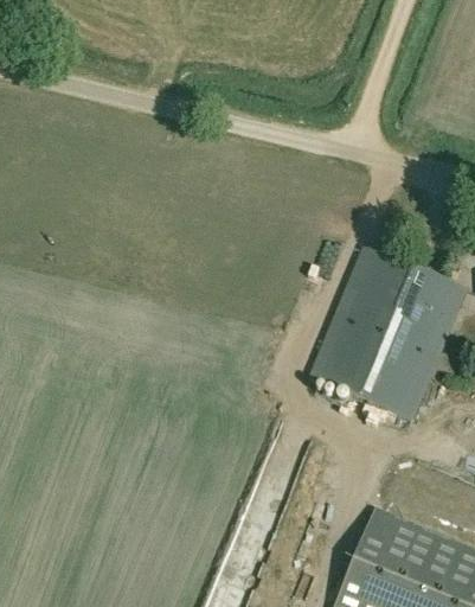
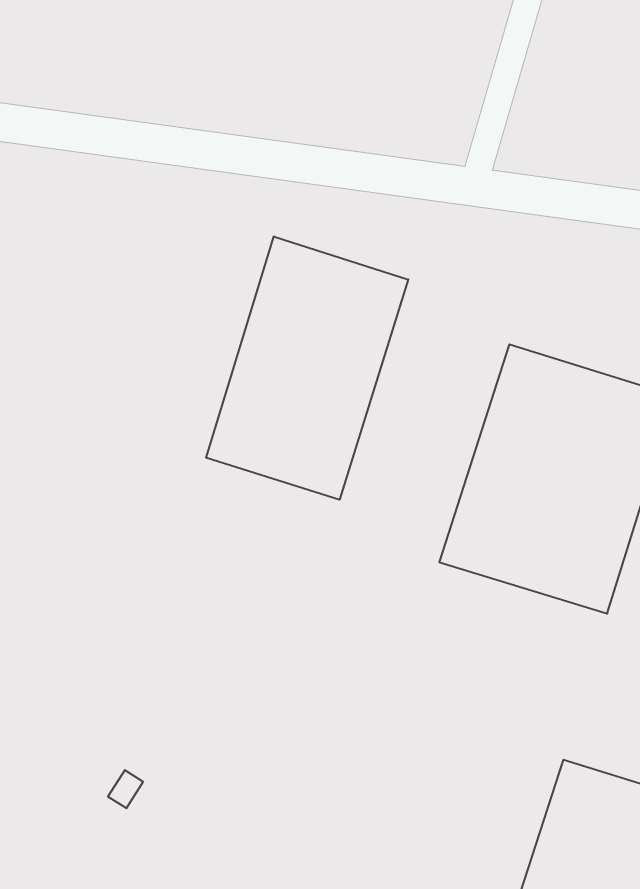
building: none -> [206,236,408,500]

